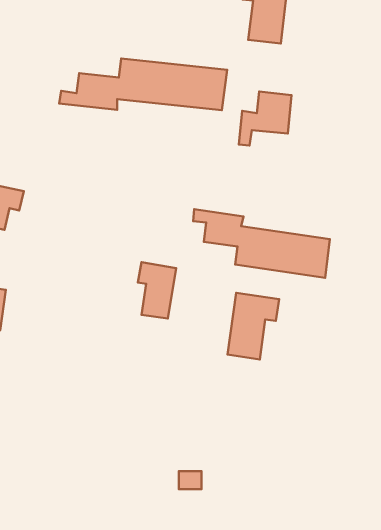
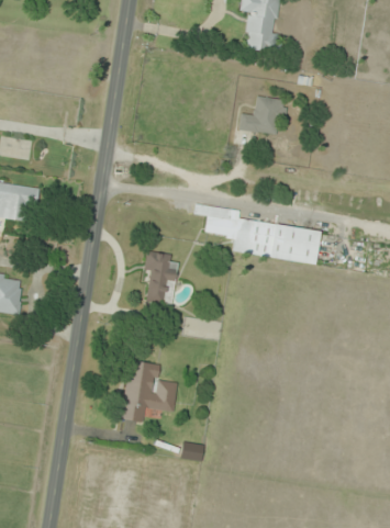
building: [59,59,227,110] -> none
building: [228,293,279,359] -> none
building: none -> [121,360,178,422]

